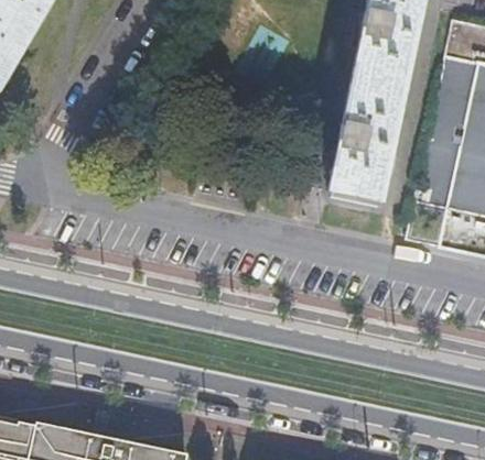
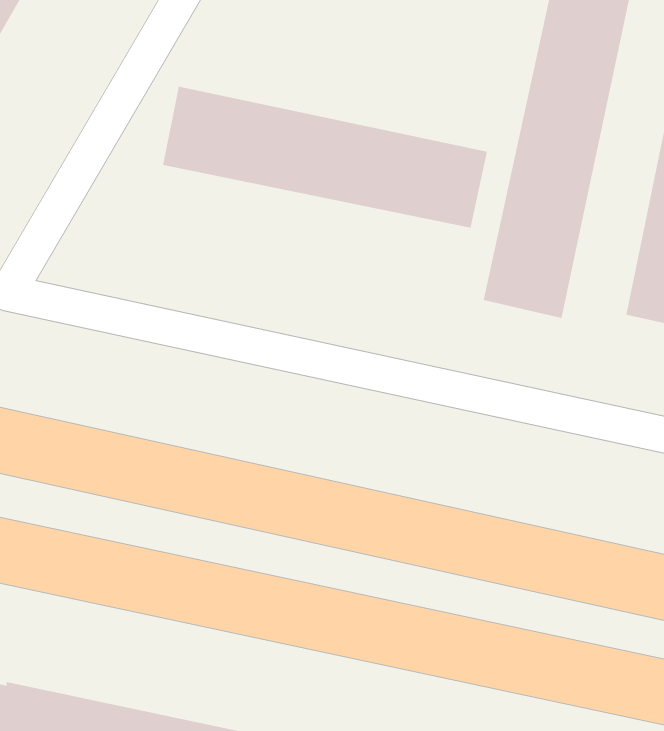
building: none -> [163,86,487,229]

